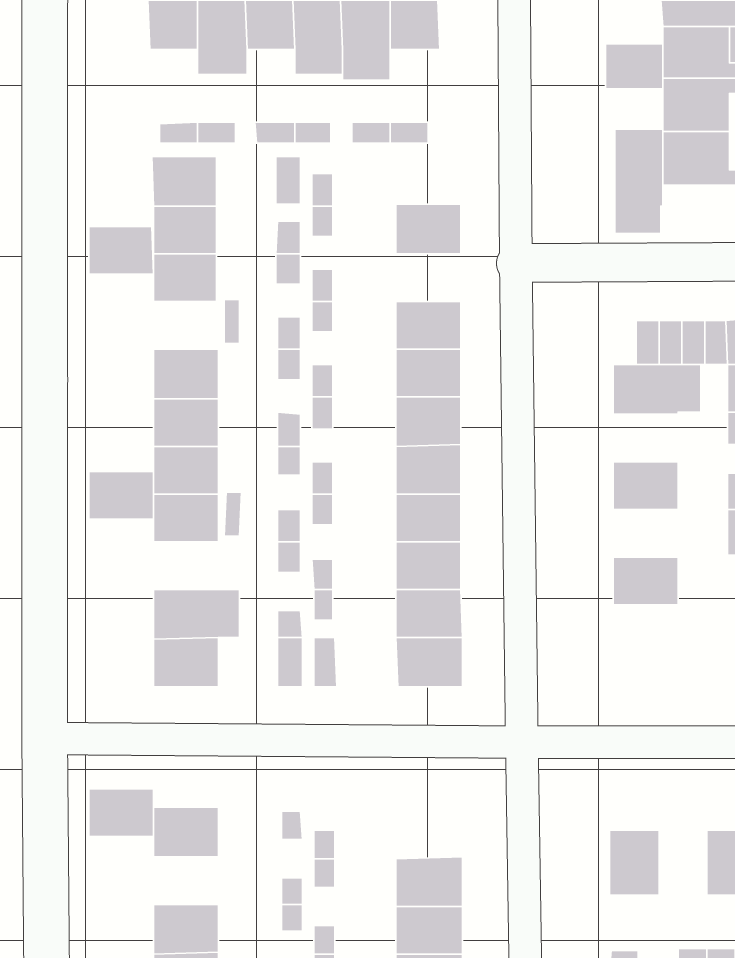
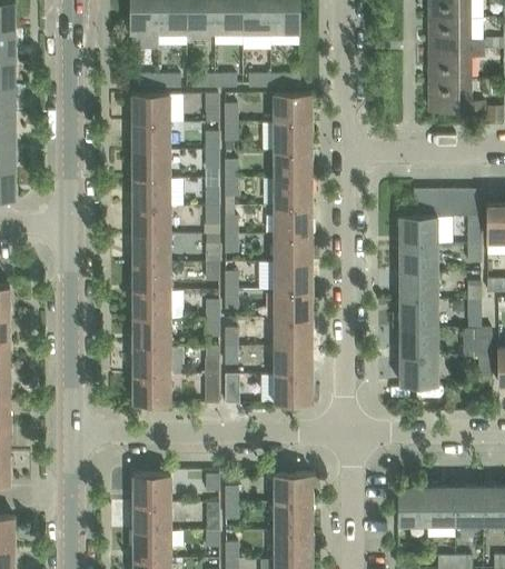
building: [606,44,663,89] -> none
building: [615,129,663,233] -> none
building: none -> [273,94,311,122]
building: [89,227,154,274] -> [132,179,170,207]
building: none -> [274,151,311,179]
building: none -> [400,244,438,272]
building: [89,471,154,519] -> [132,319,170,347]
building: none -> [400,300,438,328]
building: none -> [400,356,438,385]
building: [89,789,154,837] -> [132,502,170,530]
building: none -> [274,475,313,503]
building: none -> [427,487,455,525]

